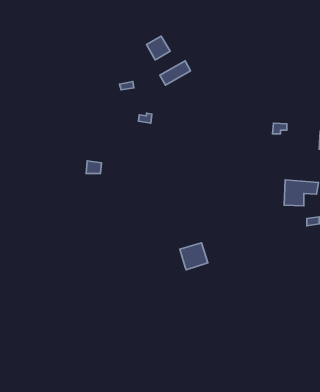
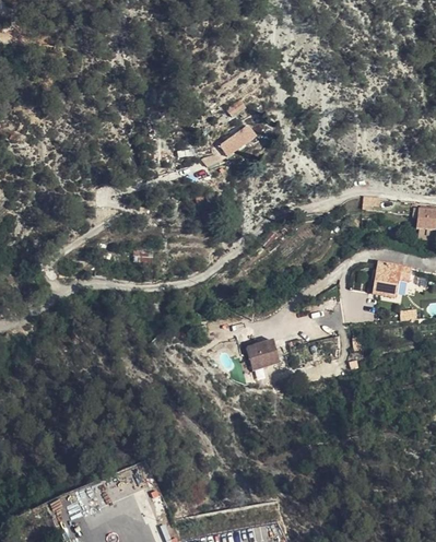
building: [147,36,170,60] -> none

